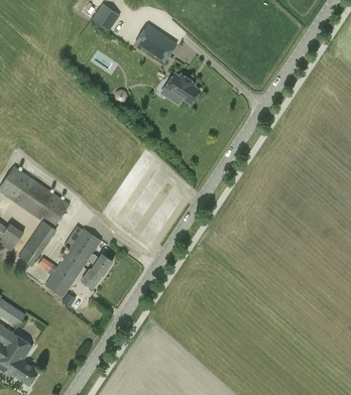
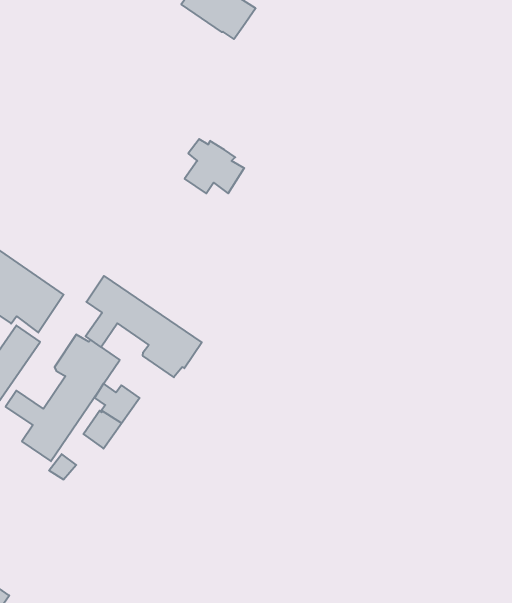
building: [165,74,199,104] -> [185,139,244,193]
building: none -> [86,276,202,377]

